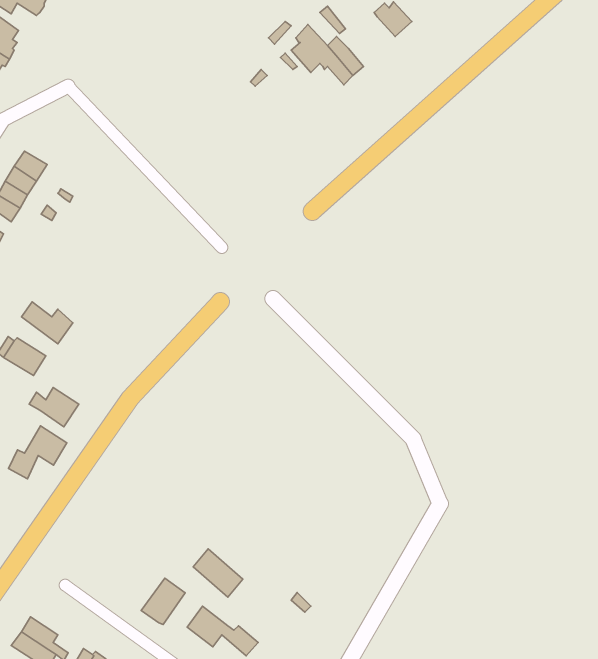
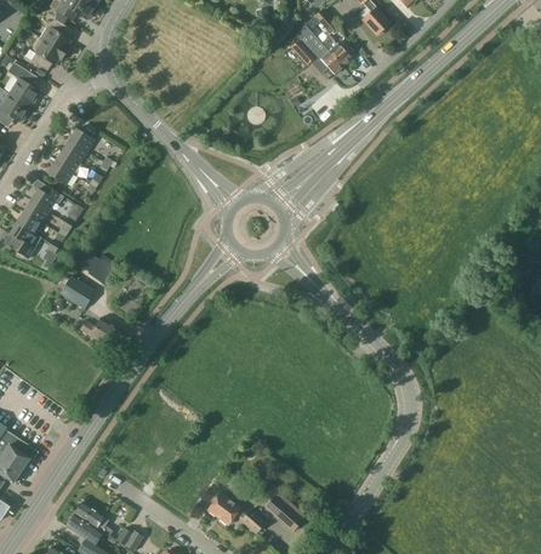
building: [9,426,67,479] -> none
building: [193,549,243,597] -> [264,492,304,531]
building: [141,578,185,625] -> none

